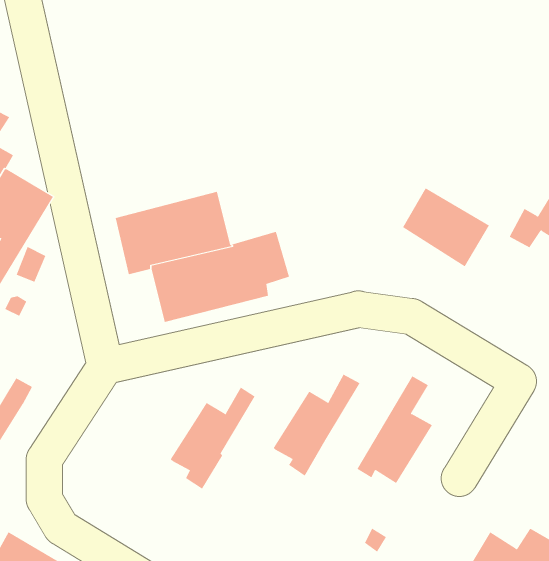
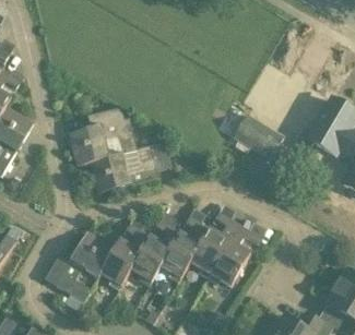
building: none -> [190,219,239,277]
building: none -> [130,226,180,285]
building: none -> [56,231,116,312]

